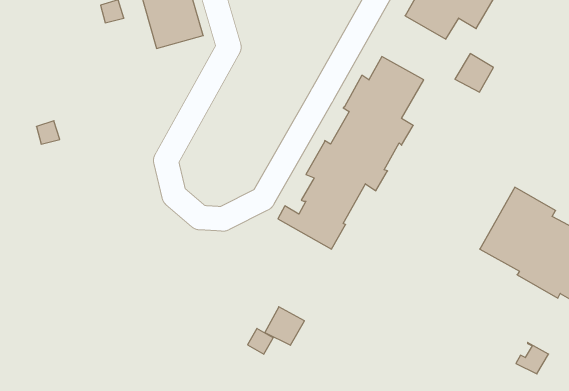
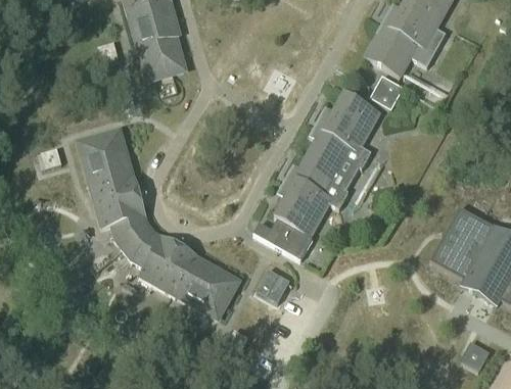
building: [455,54,493,92] -> [369,75,403,108]
building: none -> [79,130,238,317]
building: [265,307,304,345] -> [256,268,290,301]

